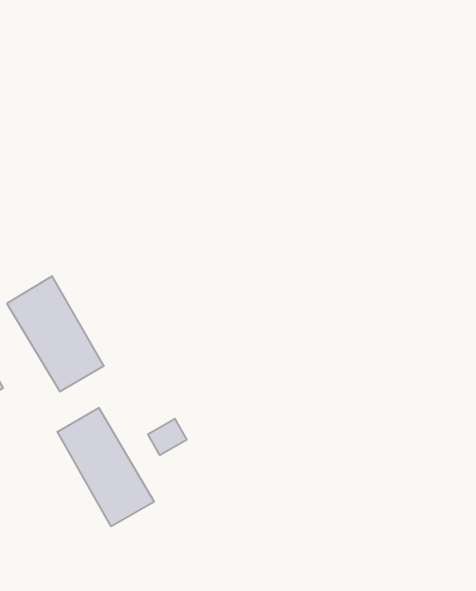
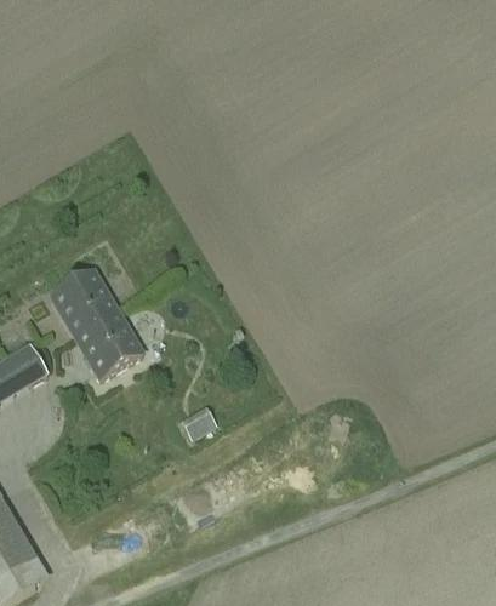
building: [57,408,154,526] -> none

